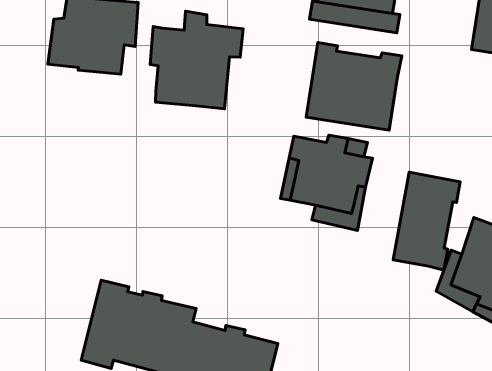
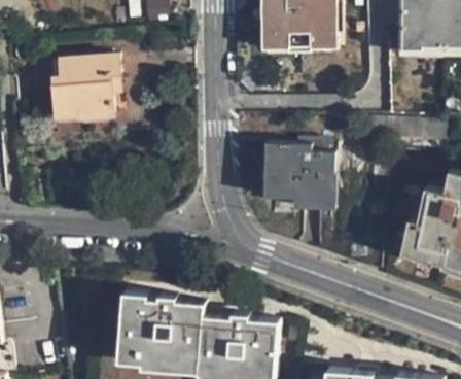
building: [150,11,243,109] -> none
building: [306,43,402,130] -> none
building: [393,172,460,270] -> none

